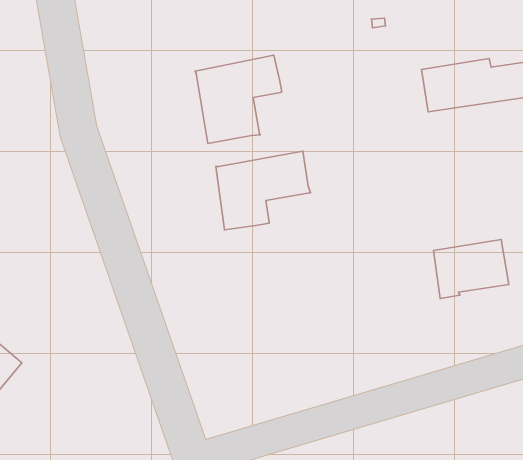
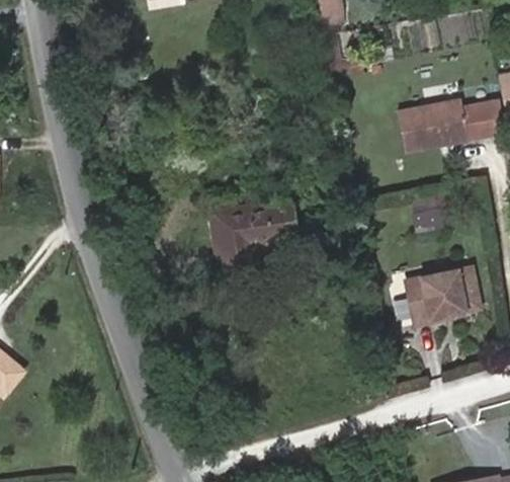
building: [195,55,282,144] -> none

